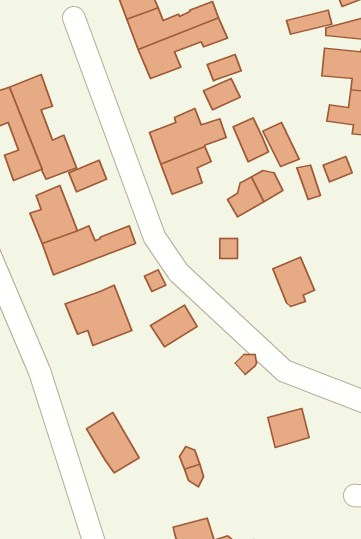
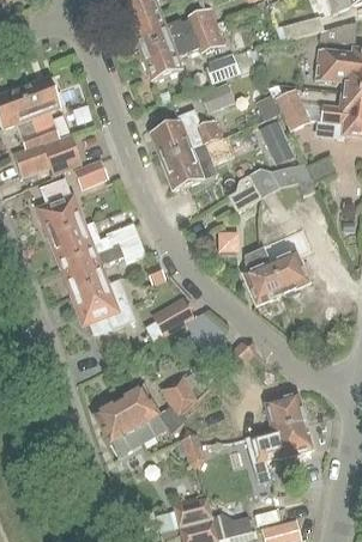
building: [233,118,268,162] -> [277,90,310,132]
building: none -> [60,237,143,294]
building: none -> [242,248,282,304]
building: none -> [116,376,195,440]
building: none -> [248,421,312,479]

